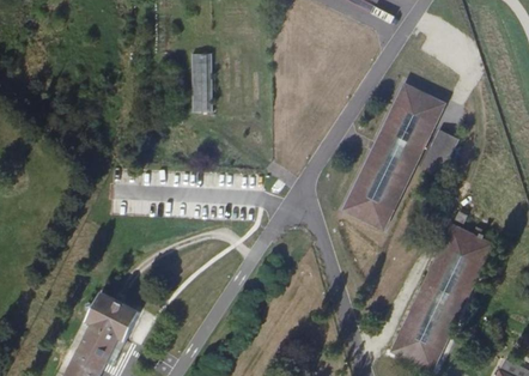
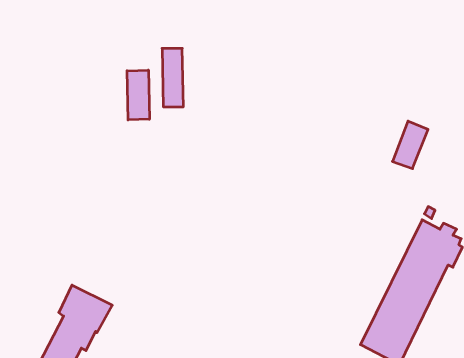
building: none -> [127,70,149,120]
building: [343,85,444,229] -> none

